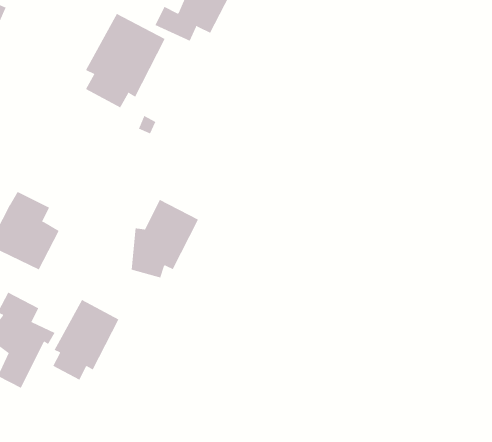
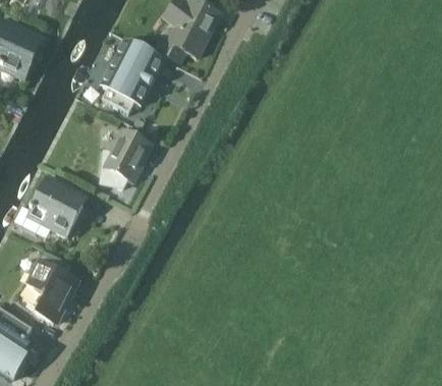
building: [131,199,199,278] -> [100,129,151,188]
building: [52,299,119,380] -> none

